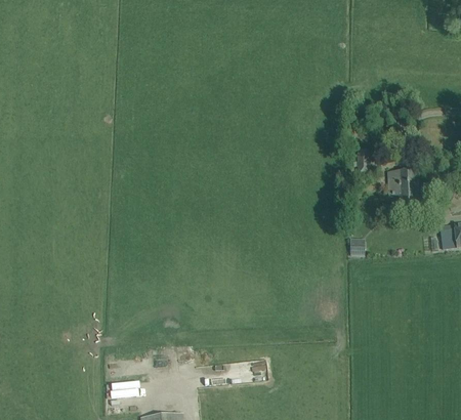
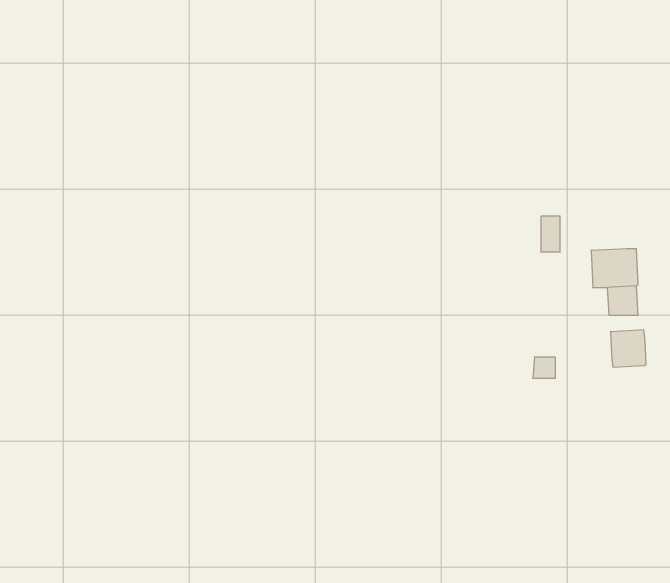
building: none -> [611,330,646,367]

